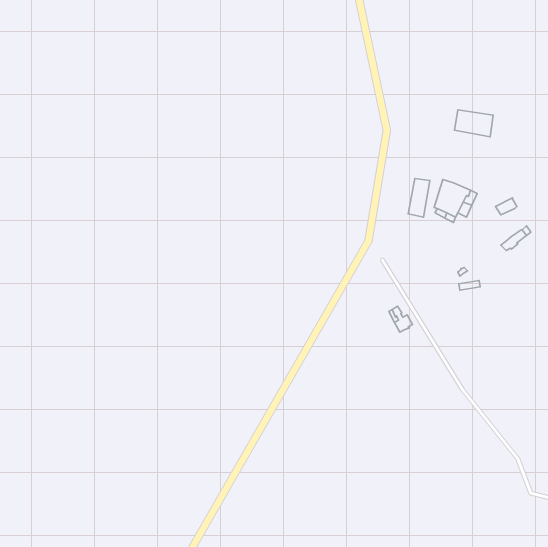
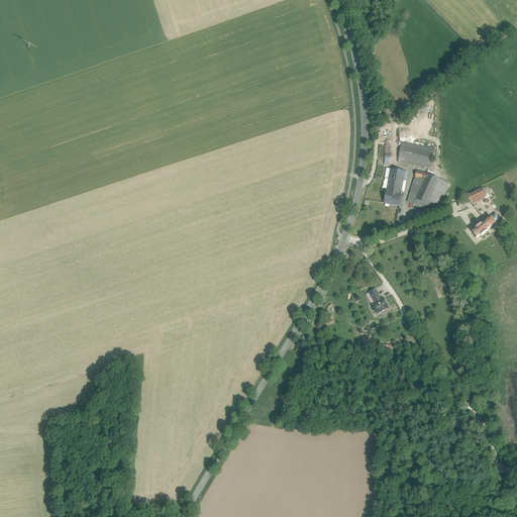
building: [455,110,493,137] -> [397,140,433,166]

